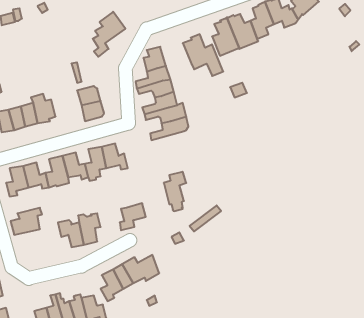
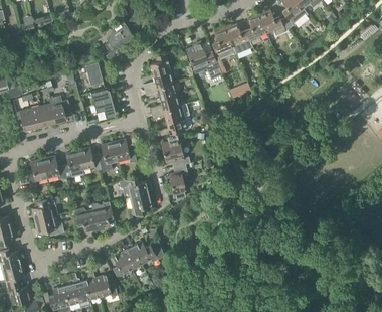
building: none -> [161,138,190,167]
building: none -> [119,177,149,198]
building: none -> [34,216,64,236]

